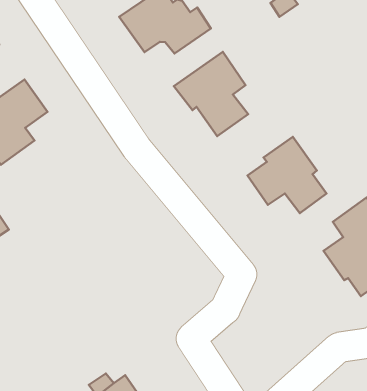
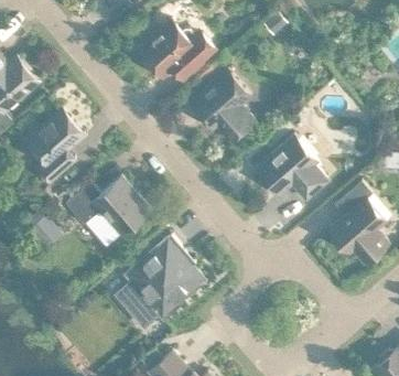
building: none -> [65,178,150,237]
building: none -> [125,236,204,321]

